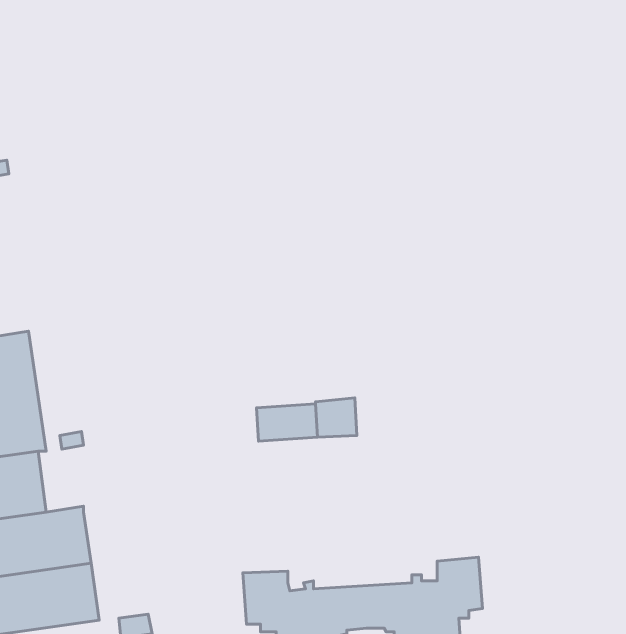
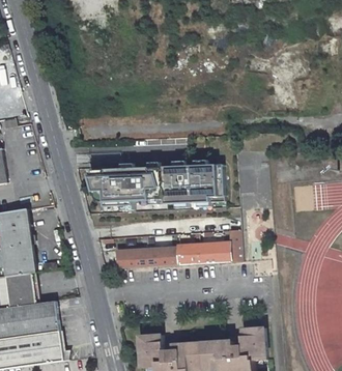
building: none -> [89,164,223,206]
building: none -> [197,230,240,263]
building: none -> [114,249,146,268]

